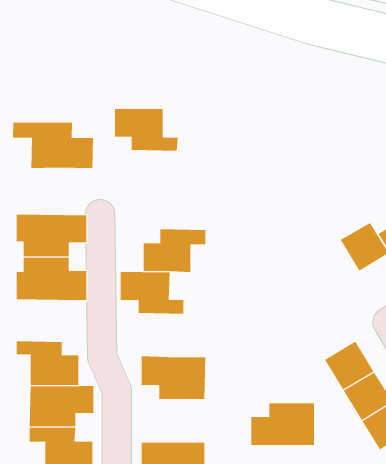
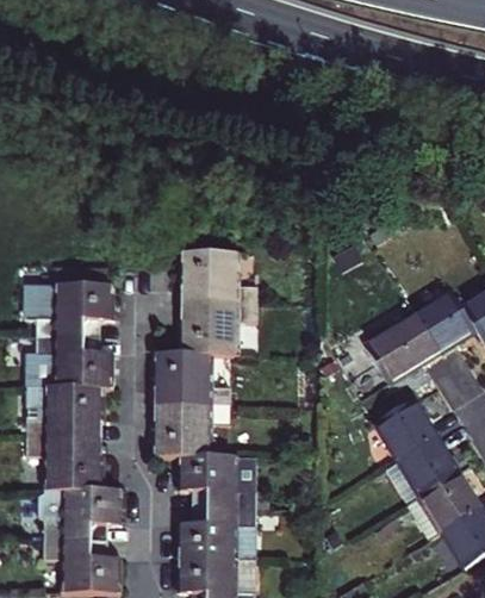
building: [114,108,178,151] -> [180,250,257,301]
building: [12,122,94,169] -> none
building: none -> [365,313,440,382]
building: none -> [27,385,104,436]
building: none -> [377,399,436,457]
building: none -> [153,401,230,454]
building: [251,403,315,445] -> [178,505,255,556]

